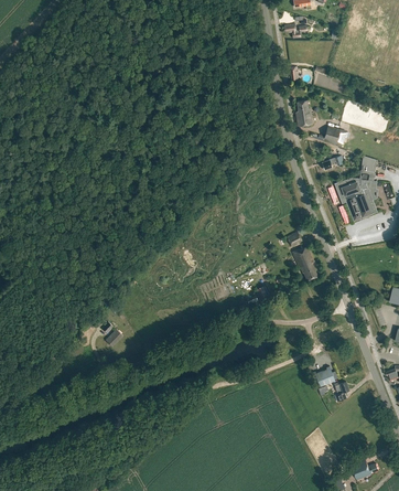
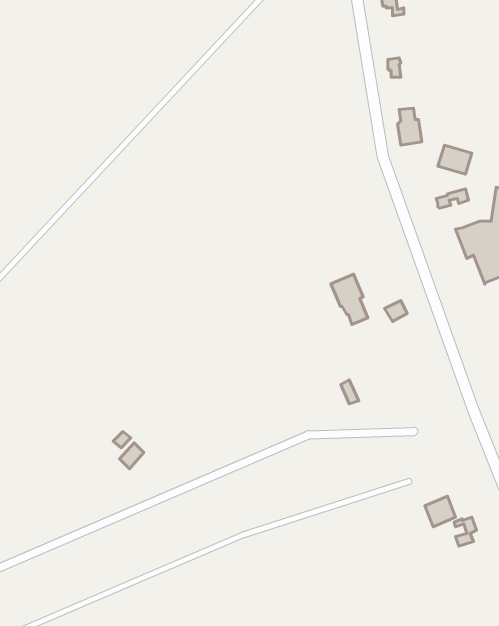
building: [292,246,317,280] -> [331,274,368,324]

